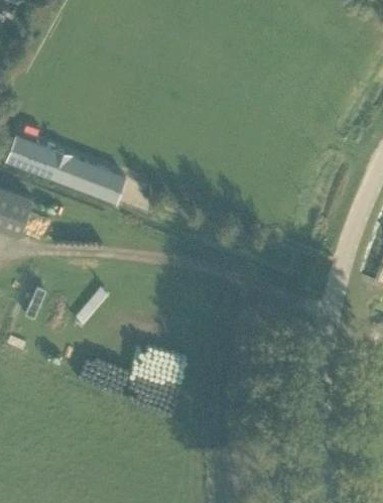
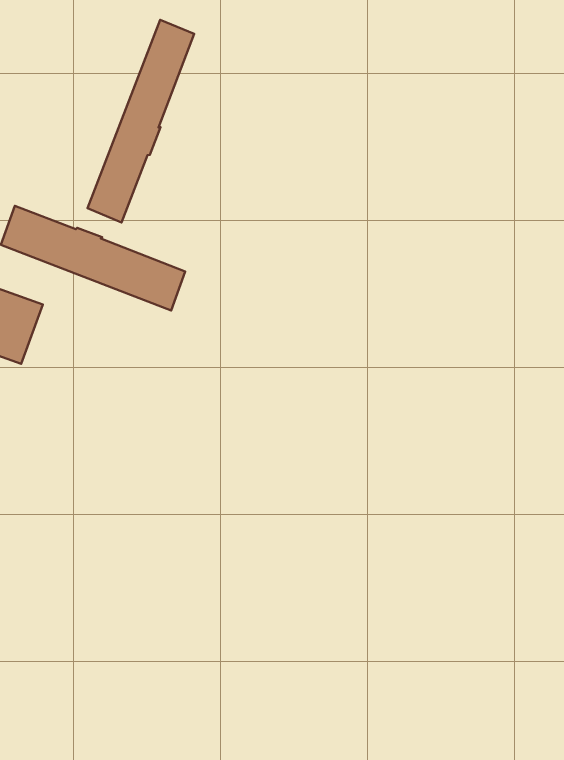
building: none -> [88,20,194,222]

